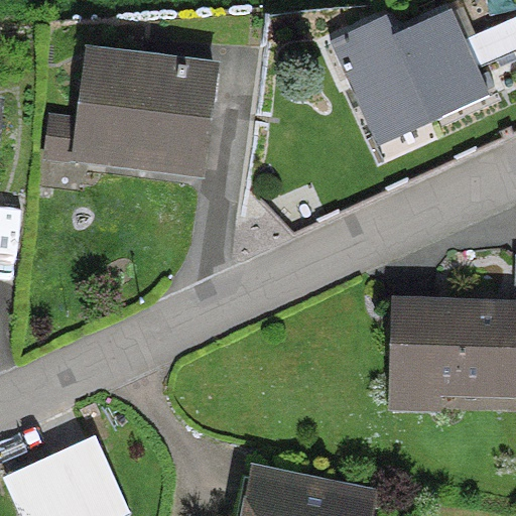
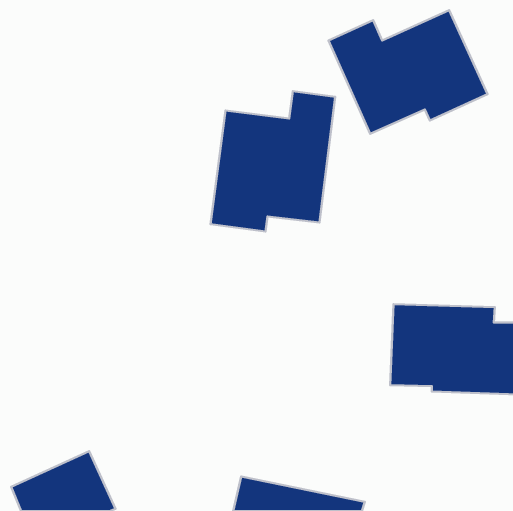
building: [46,52,216,172] -> none
building: none -> [211,91,335,232]

